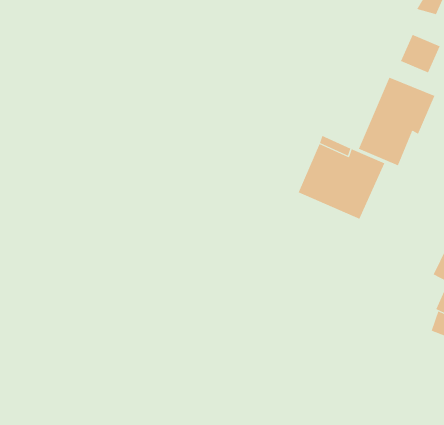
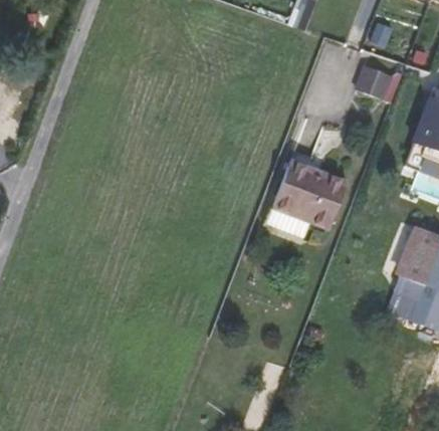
building: [358,77,435,166] -> none

